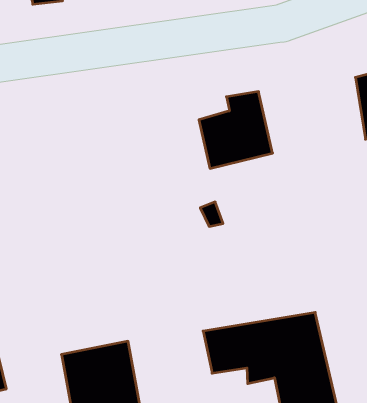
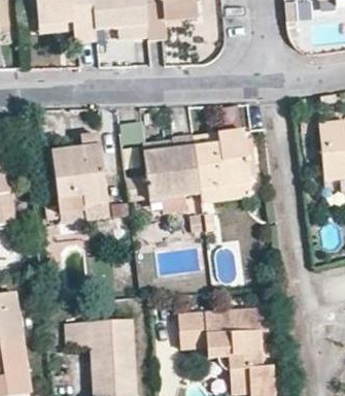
building: none -> [145,136,200,199]
building: none -> [51,133,112,220]

